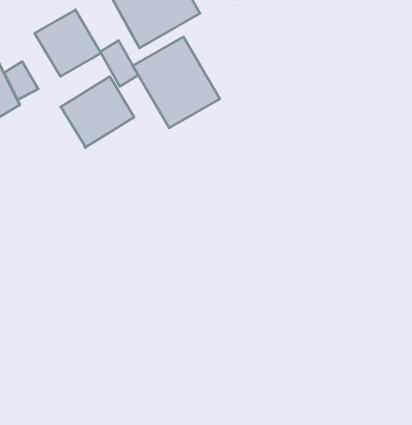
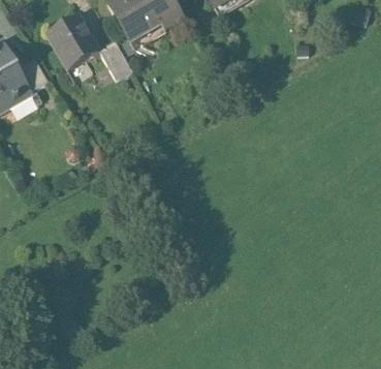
building: [133,37,220,128] -> none
building: [61,77,134,148] -> none

